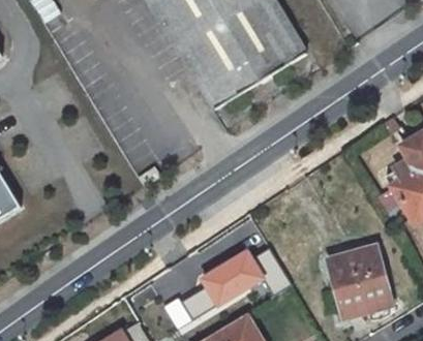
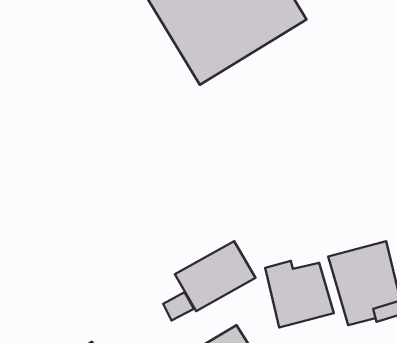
building: none -> [265,261,334,328]

